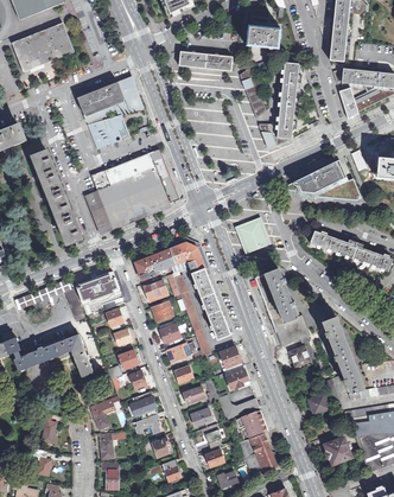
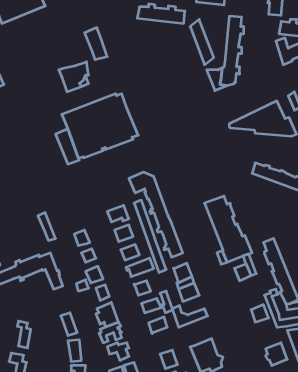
building: [77,82,129,123] -> none
building: [31,152,82,246] -> none
building: [237,219,268,253] -> none
building: [134,249,174,281] -> none
building: [76,272,119,300] -> none
building: [235,410,267,441] -> none

